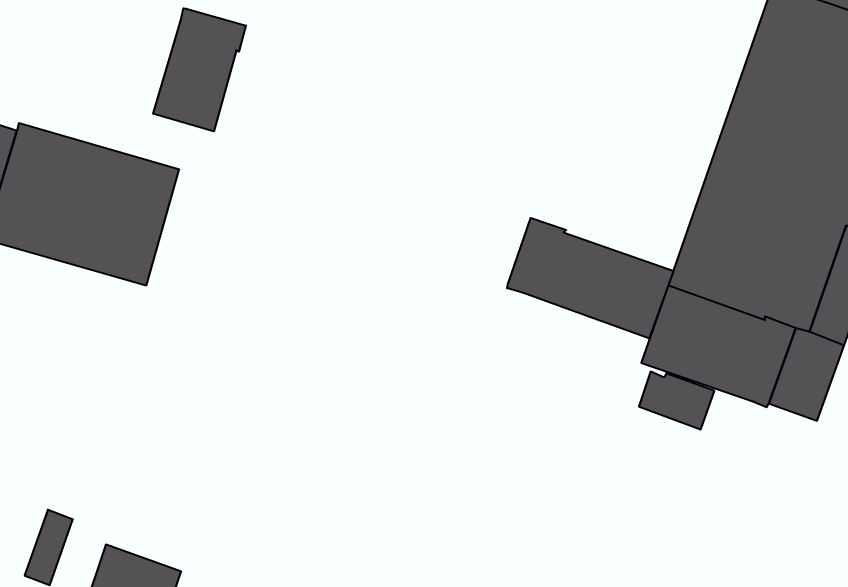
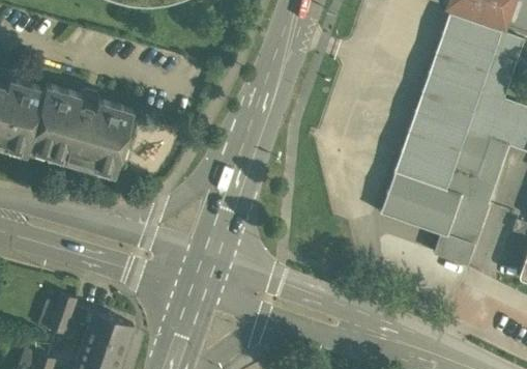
building: [153,8,246,131] -> none
building: [507,218,673,338] -> none
building: [639,372,714,430] -> [434,236,474,267]

